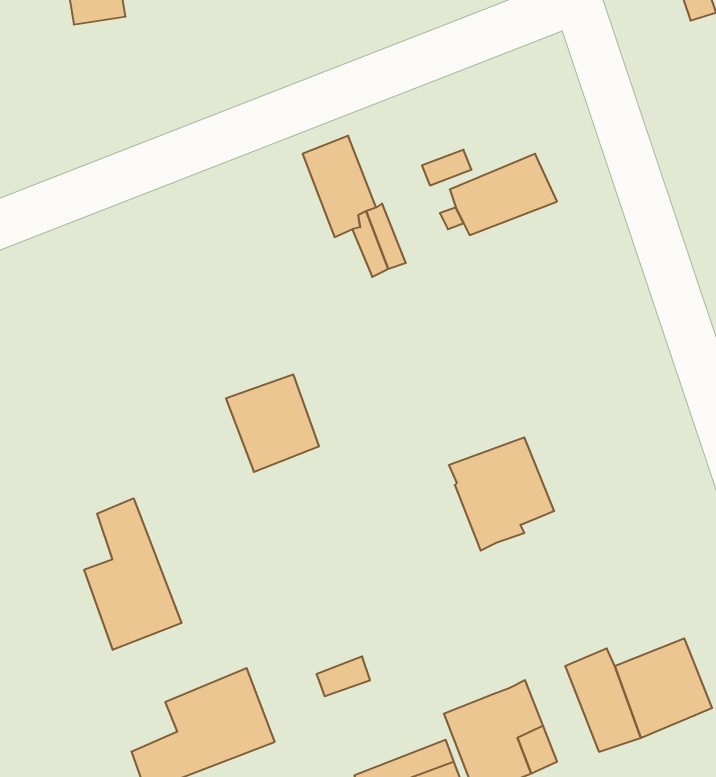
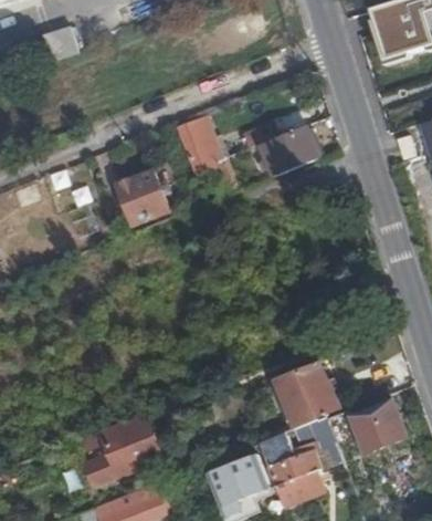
building: [226,375,319,472] -> [119,170,171,225]
building: [449,437,554,551] -> [277,363,336,426]
building: [84,498,182,650] -> none

